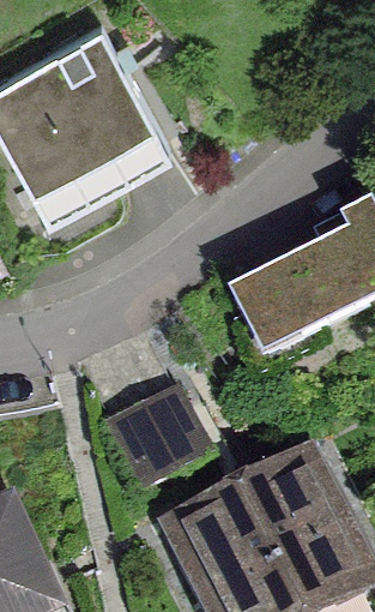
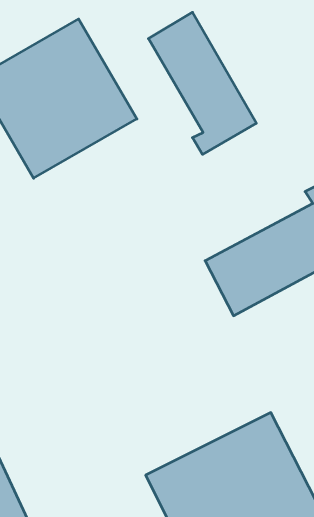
building: none -> [148,12,256,154]
building: [110,392,201,480] -> none

